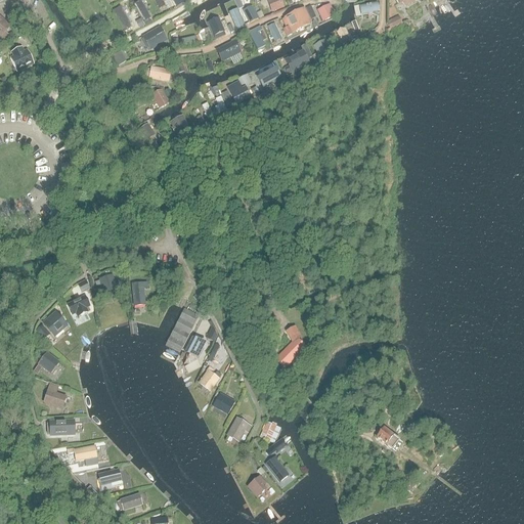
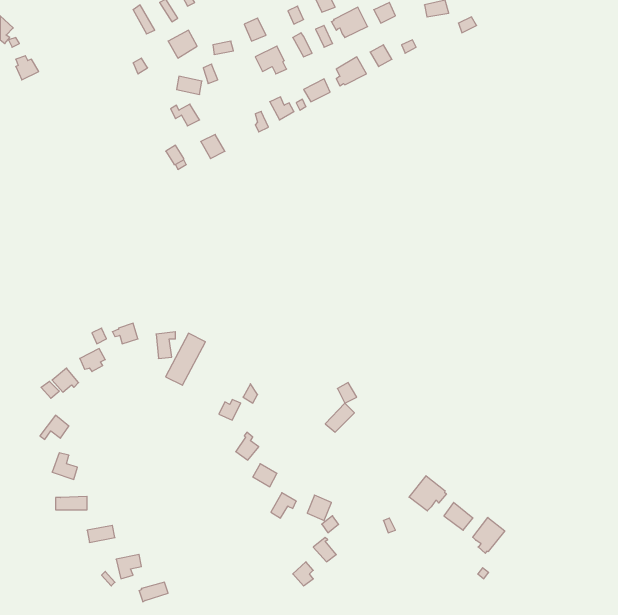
building: [165,306,199,350] -> [166,333,205,385]
building: none -> [409,476,446,511]
building: none -> [473,517,505,553]

